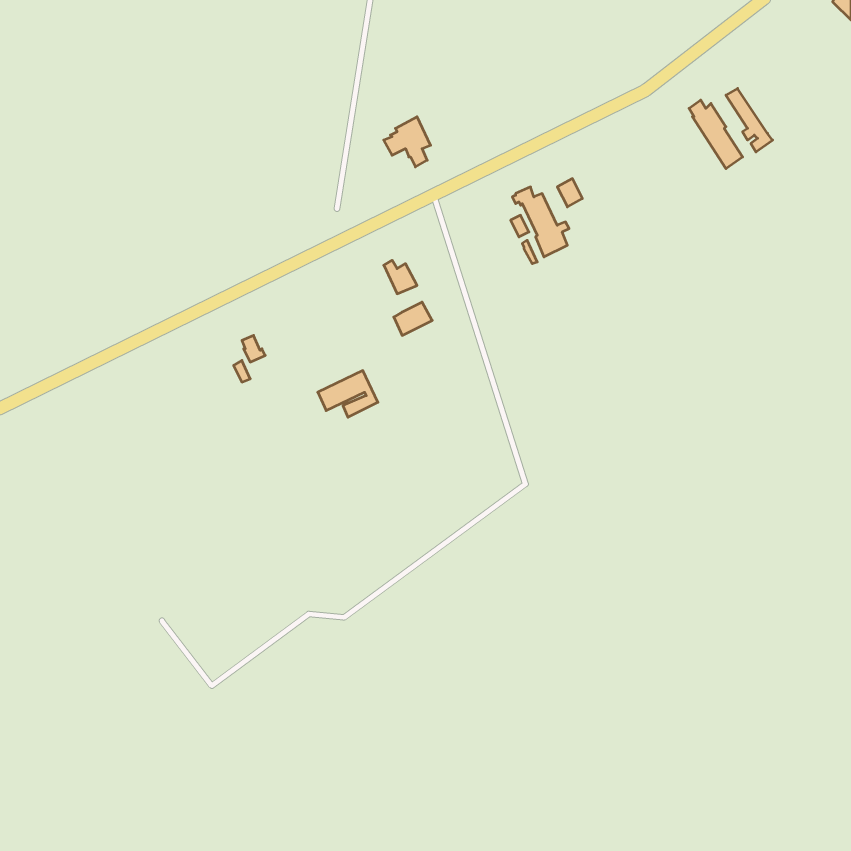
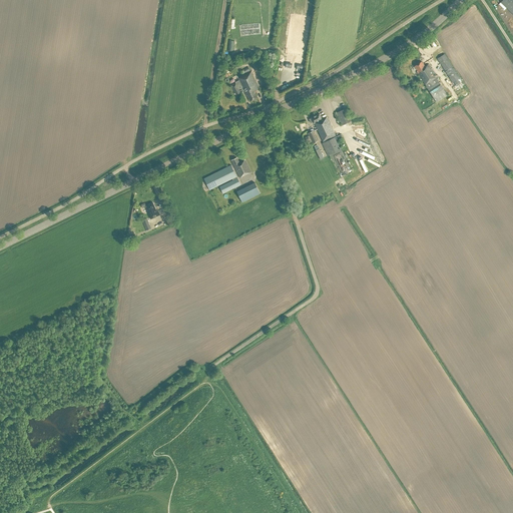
building: [318,371,378,417] -> [203,164,239,192]

